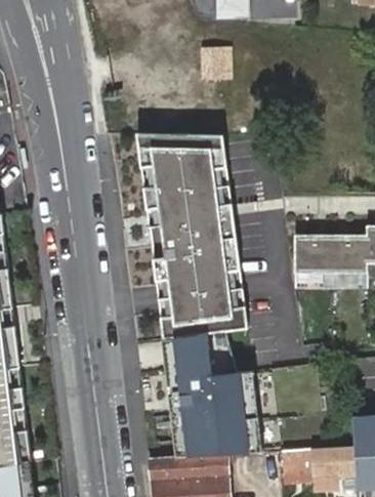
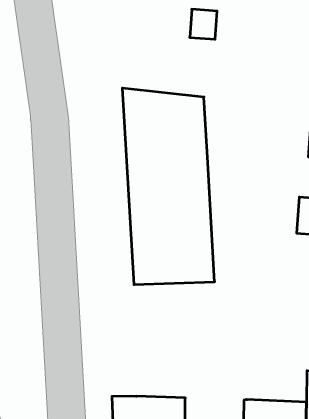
building: [294,235,330,273] -> none
building: [162,330,264,456] -> none

